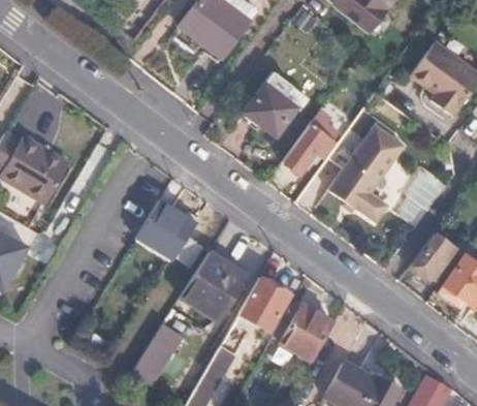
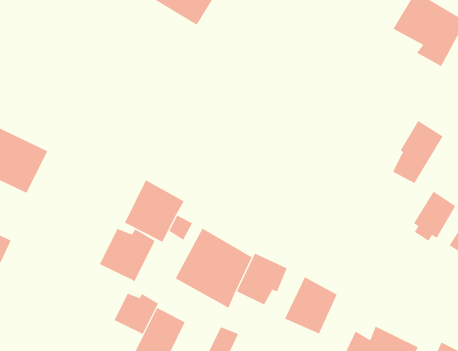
building: [244,73,310,135] -> none
building: [282,124,335,174] -> none
building: [328,125,404,222] -> none
building: none -> [99,228,155,282]
building: none -> [114,293,159,335]

